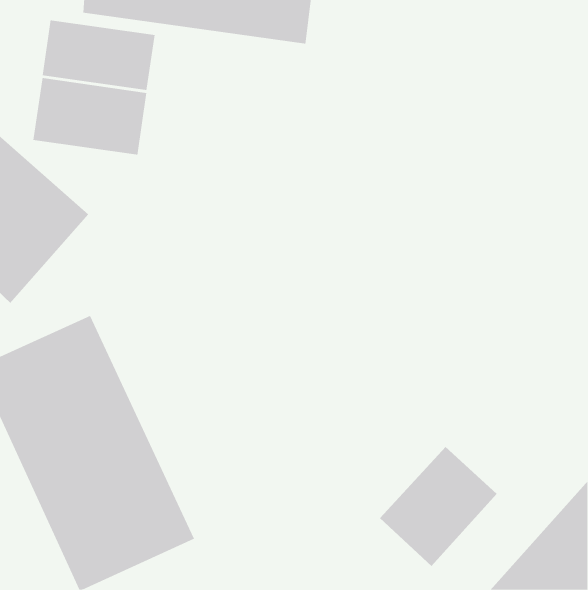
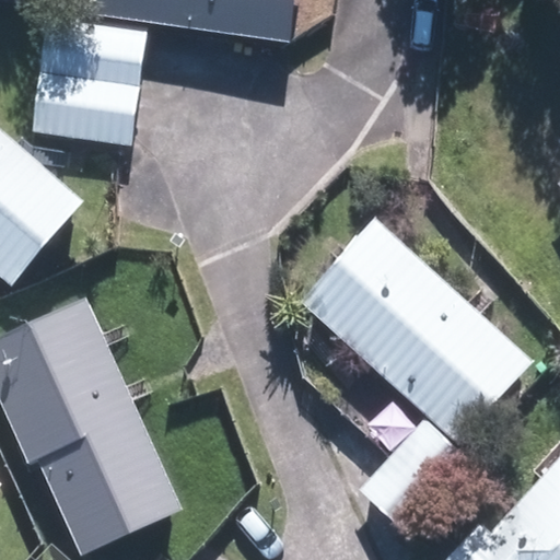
building: none -> [294,214,532,444]

